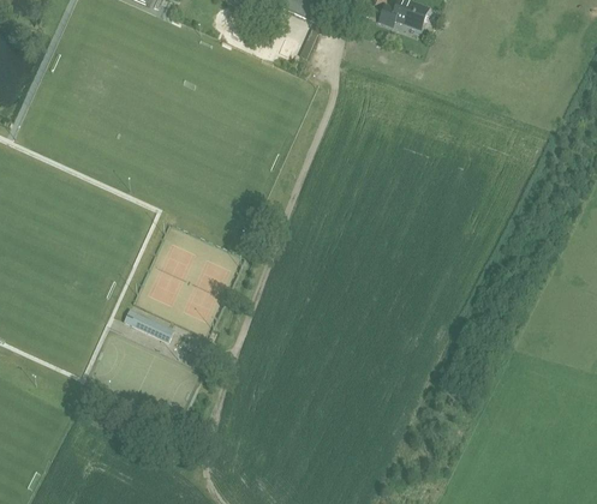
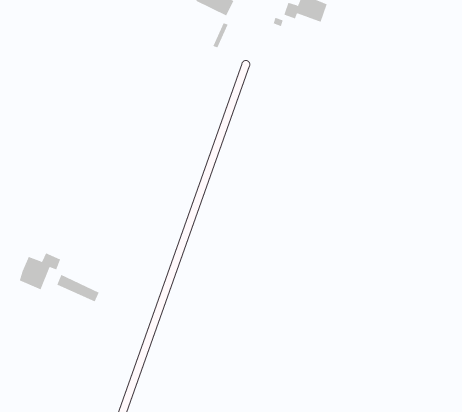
building: none -> [19,252,61,290]

